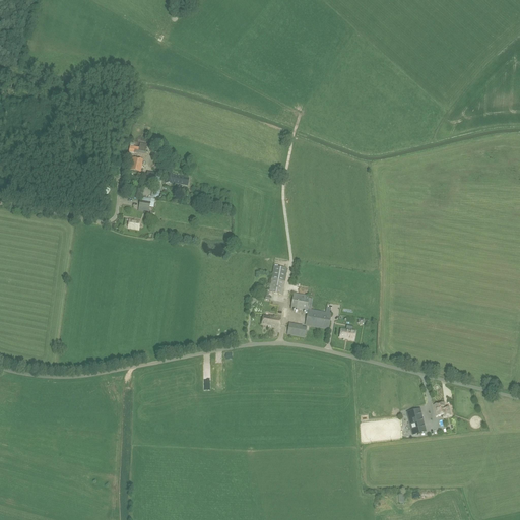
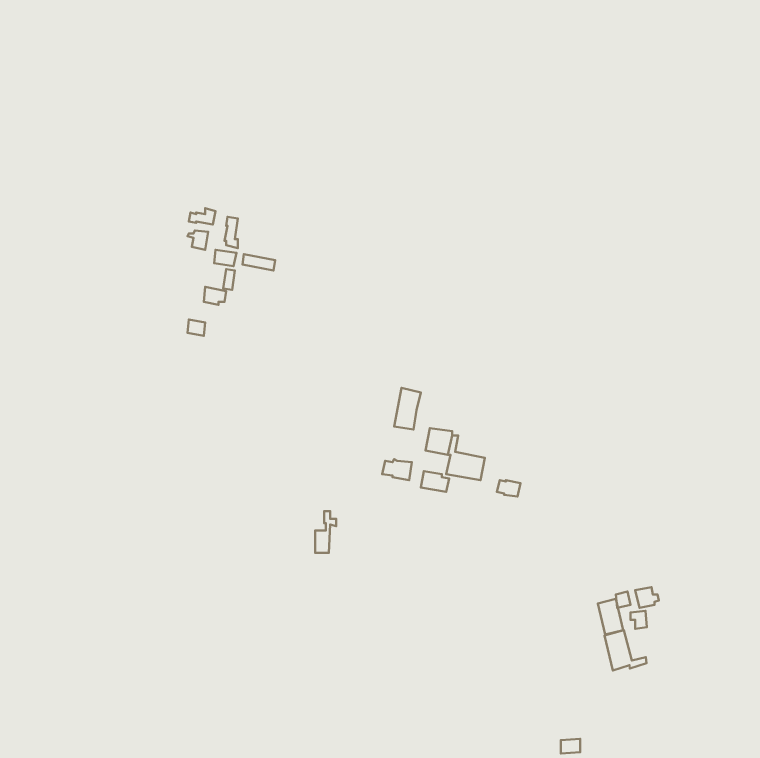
building: none -> [605,630,646,670]

